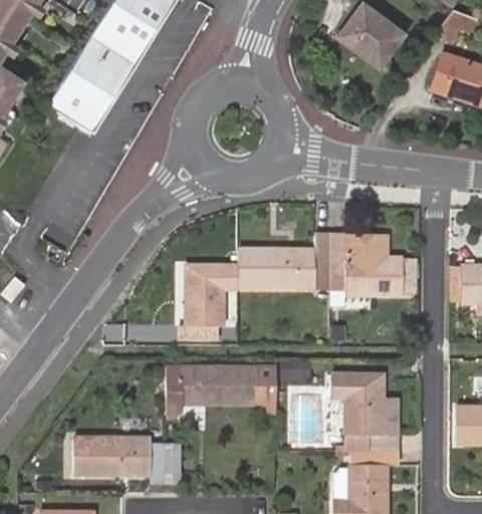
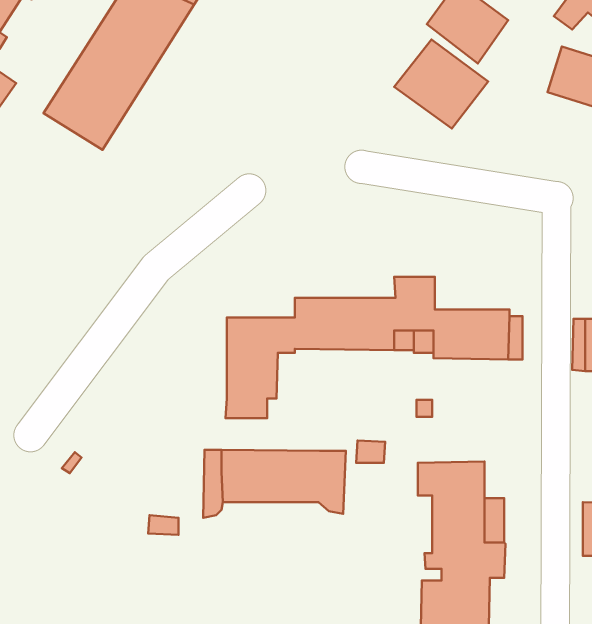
building: none -> [394,39,488,128]
building: [345,234,403,257] -> none
building: [75,436,181,483] -> none

